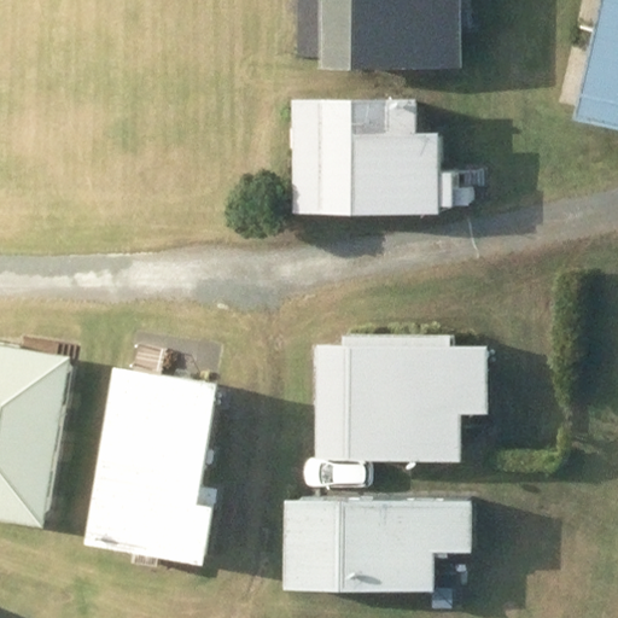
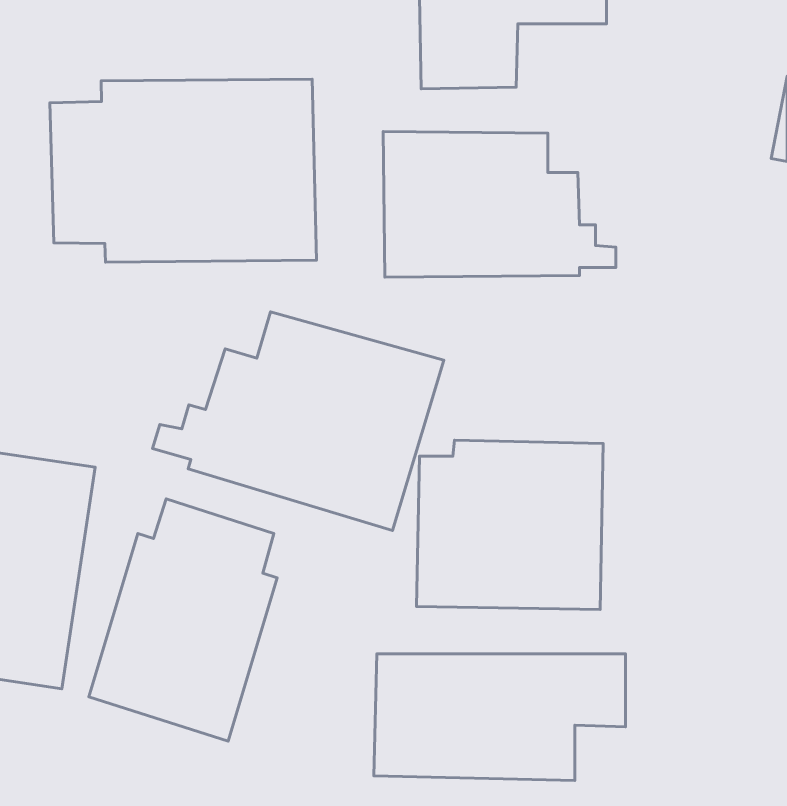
building: none -> [50,79,317,262]
building: none -> [153,312,444,530]

